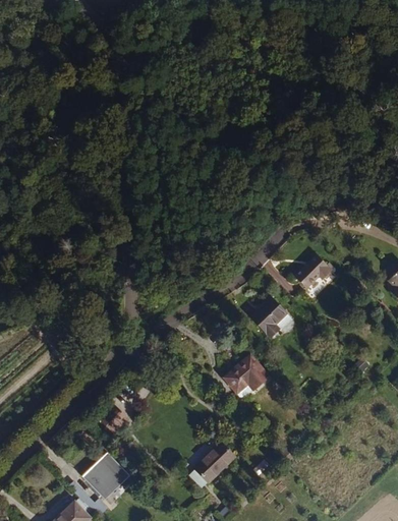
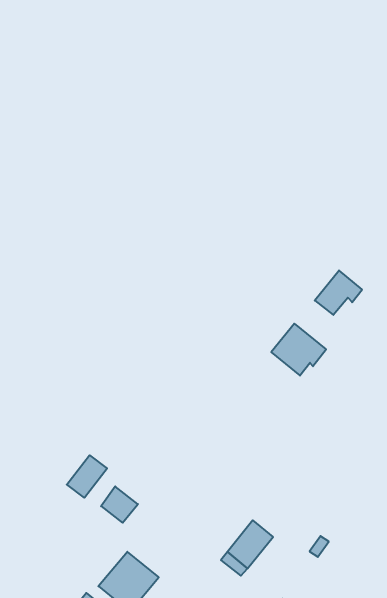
building: [222,352,267,391] -> none
building: none -> [67,455,107,498]

